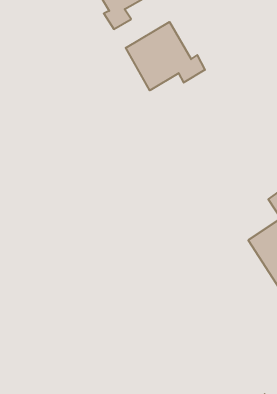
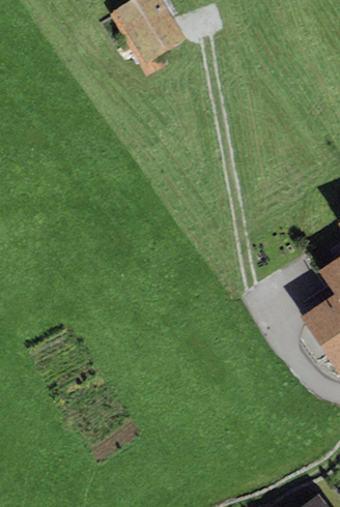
building: [126,22,205,90] -> none

